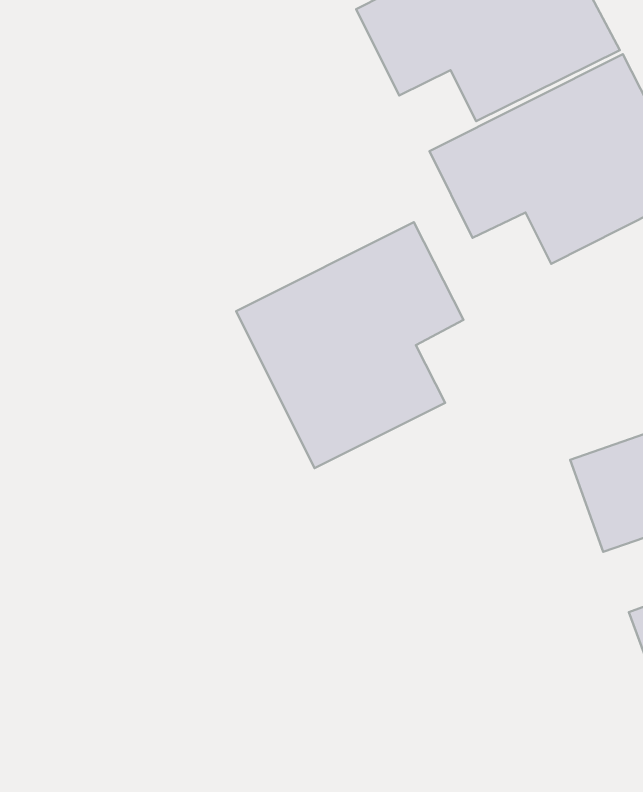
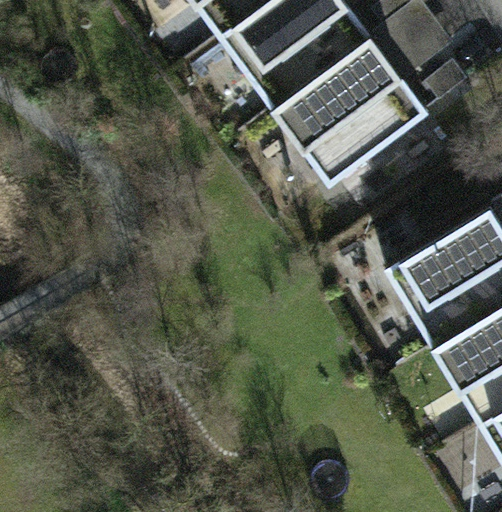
building: [236,222,463,468] -> none

